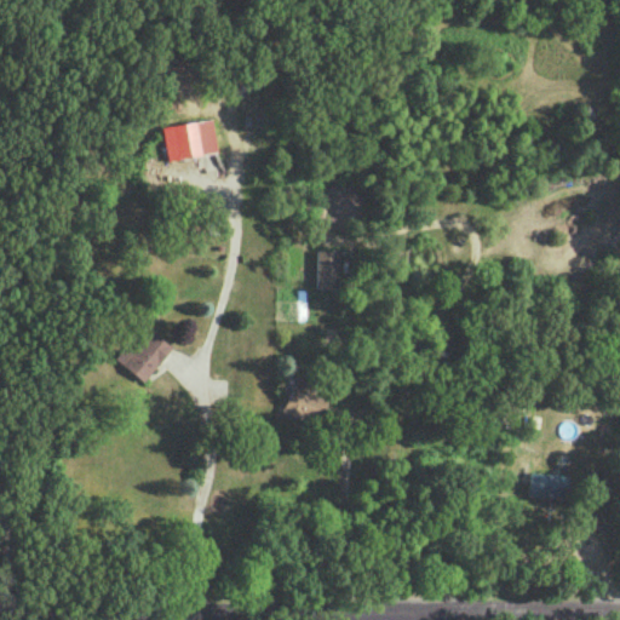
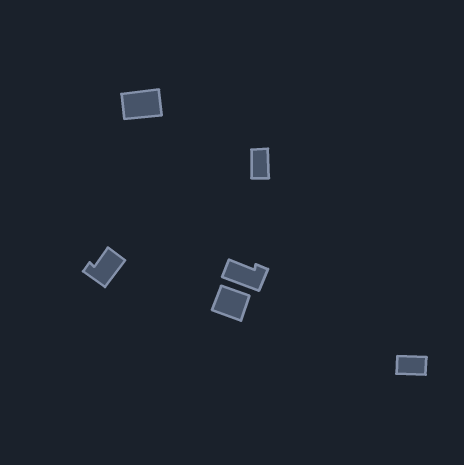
building: [317,251,340,289] -> [251,149,269,178]
building: none -> [222,260,268,291]

